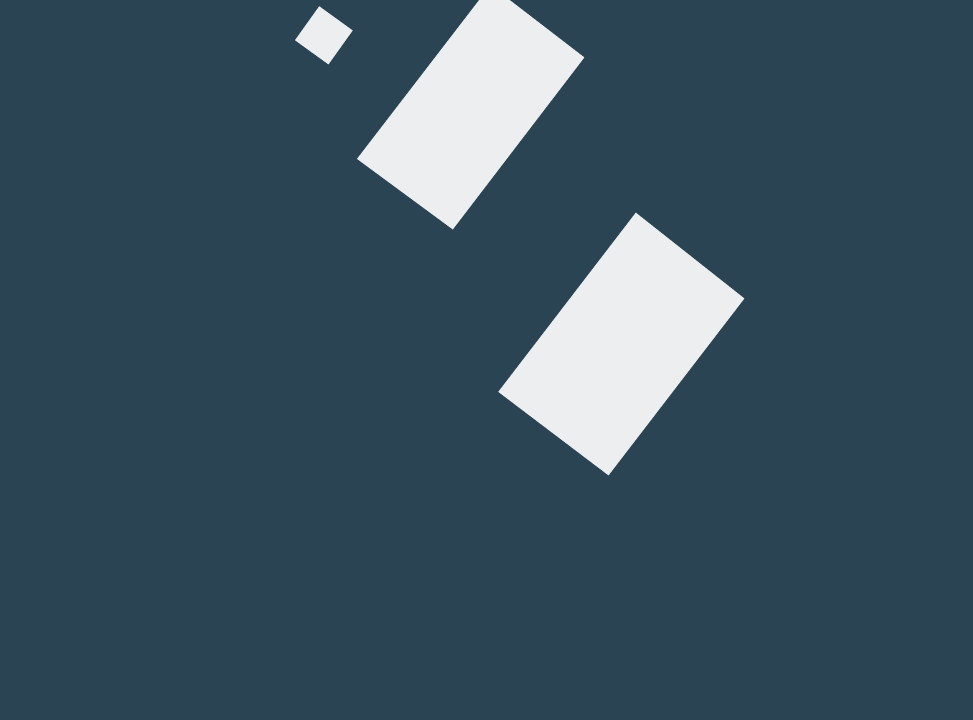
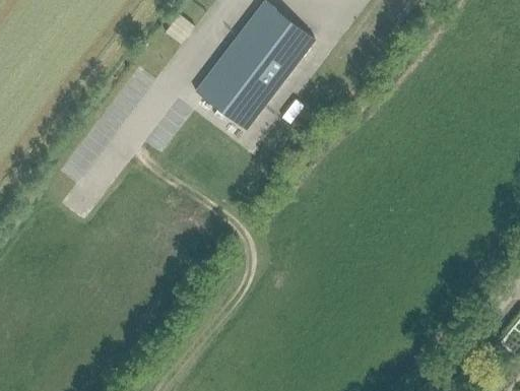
building: [497,211,746,477] -> none

